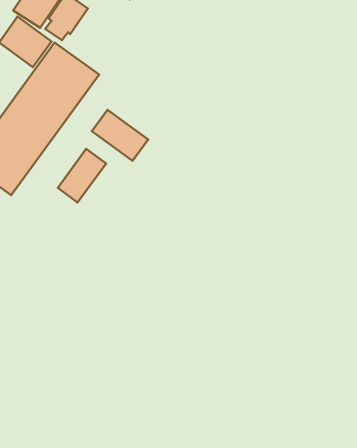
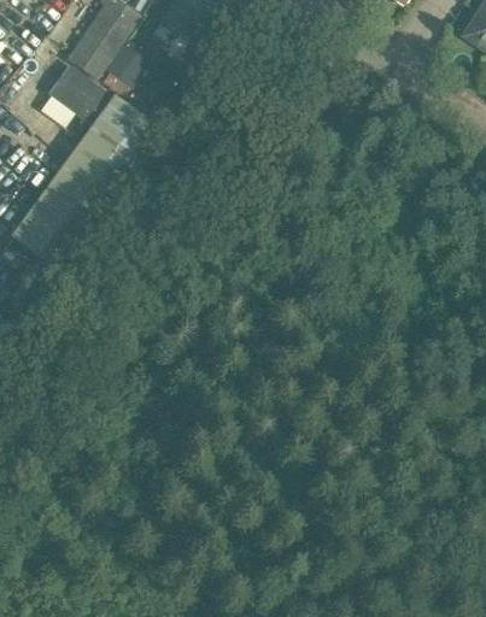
building: [92,110,148,161] -> none
building: [58,149,106,202] -> none

